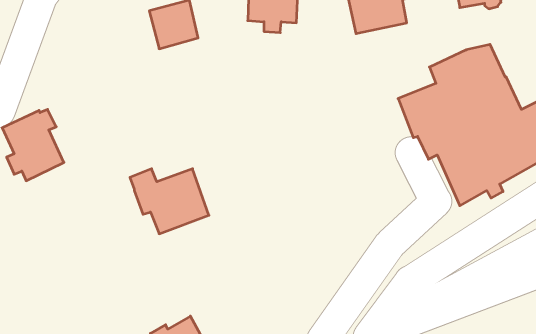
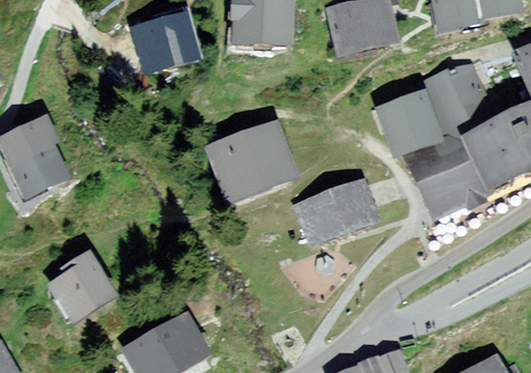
building: [130,169,209,234] -> [212,132,287,194]
building: none -> [300,183,374,243]
building: none -> [52,257,110,321]

